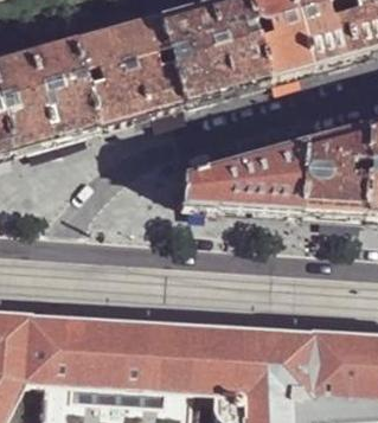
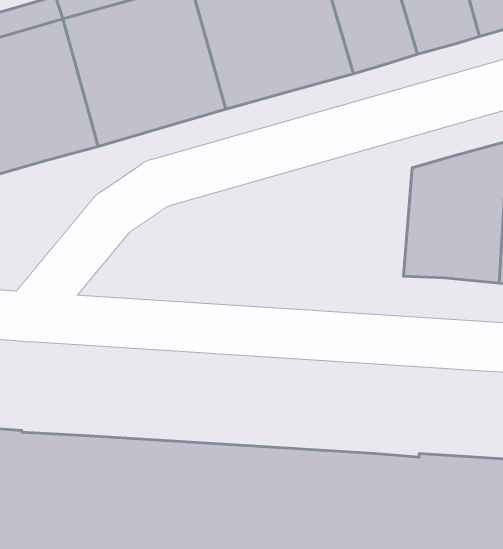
building: [185,140,308,212] -> none

